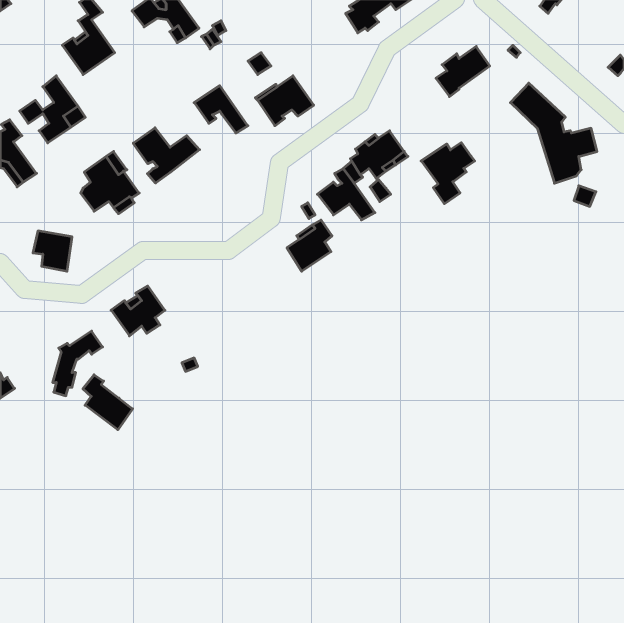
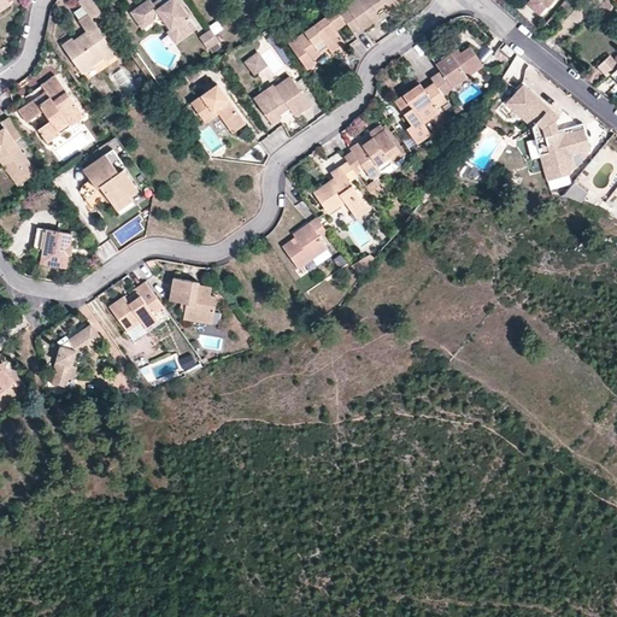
building: none -> [286,6,347,69]
building: [133,128,200,183] -> none
building: [421,143,475,204] -> [394,82,447,142]
building: none -> [169,278,216,323]
building: [83,375,133,430] -> none

